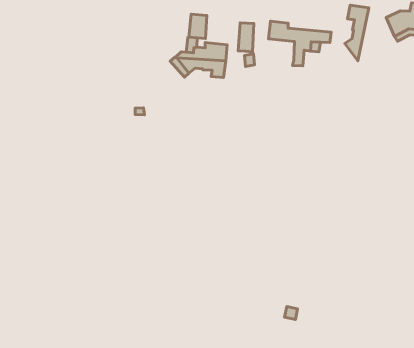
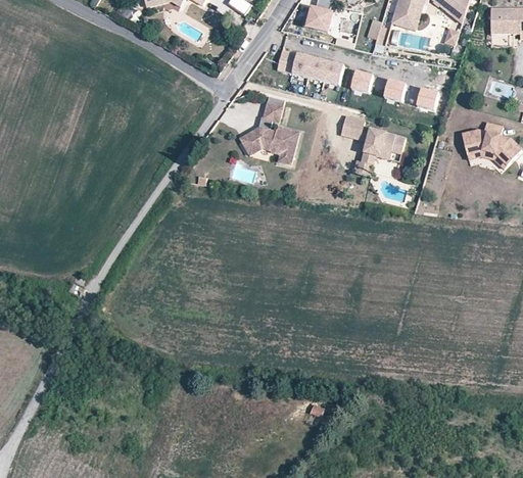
building: [345,5,369,61] -> none
building: [238,23,254,52] -> none

